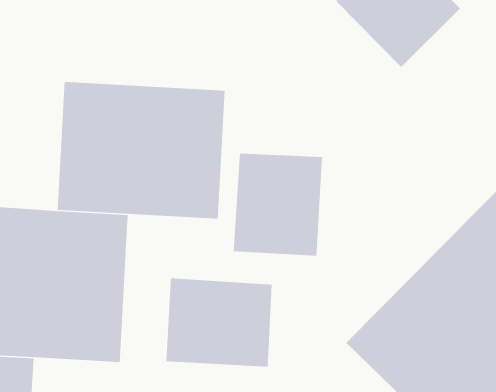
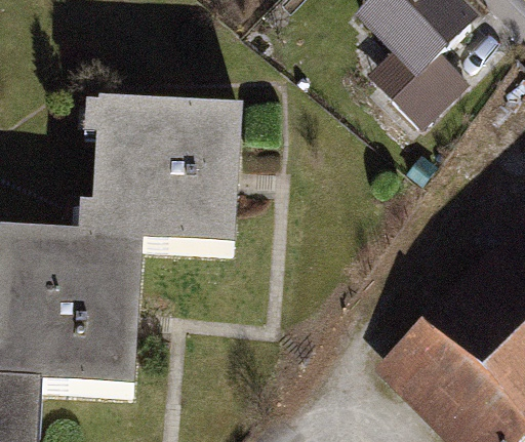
building: [233,153,323,256] -> none
building: [165,278,272,368] -> none

